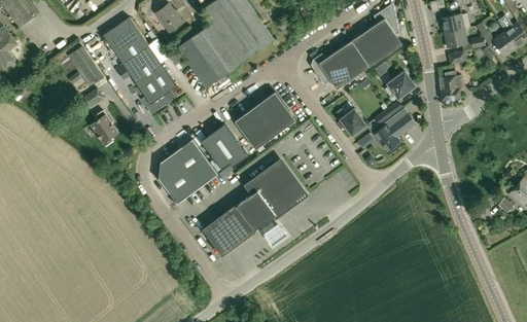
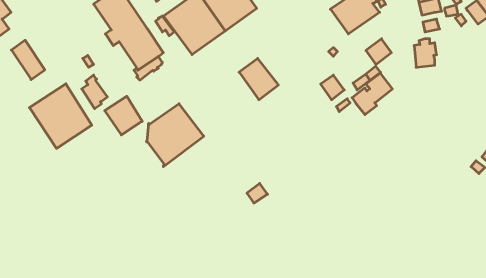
building: [311,40,370,88] -> none
building: [68,45,103,86] -> [11,40,45,80]
building: [235,106,276,149] -> none
building: none -> [29,84,92,148]
building: [201,123,247,169] -> none
building: none -> [105,96,142,135]
building: [202,159,306,255] -> none

